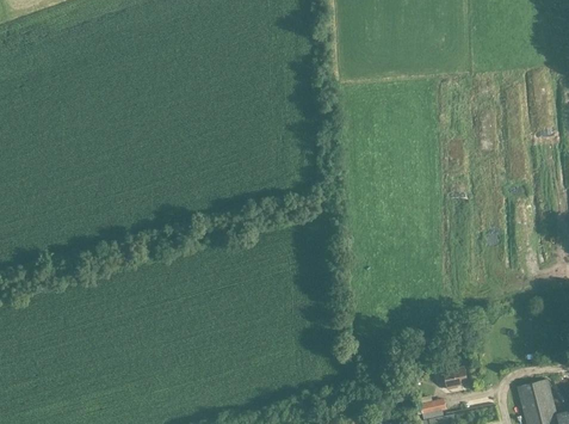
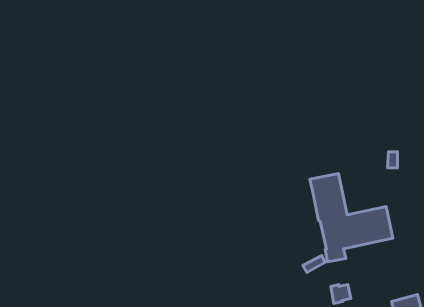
building: none -> [310,173,393,262]

